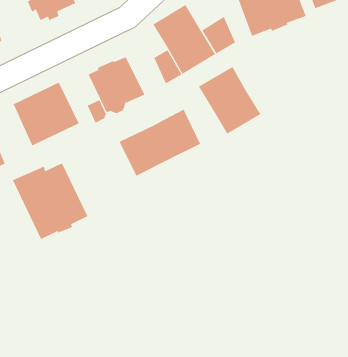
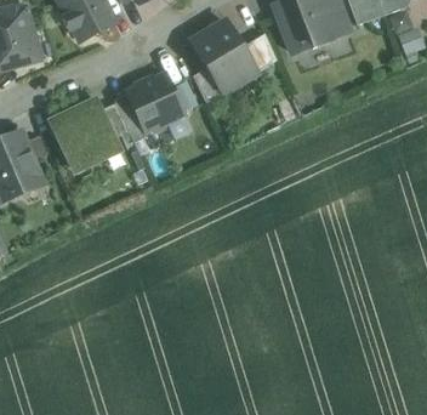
building: [198,66,261,135] -> none
building: [119,109,201,176] -> none
building: [12,163,88,240] -> none

